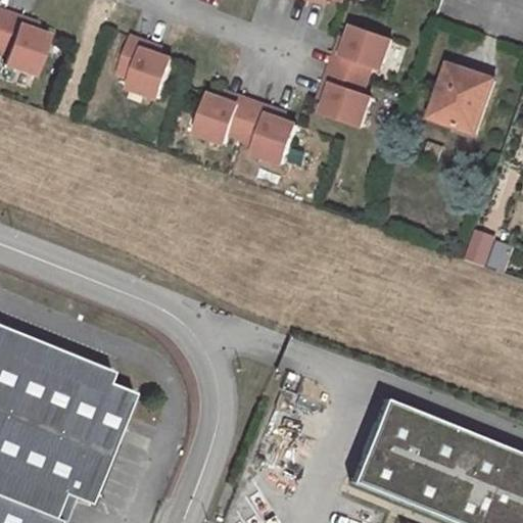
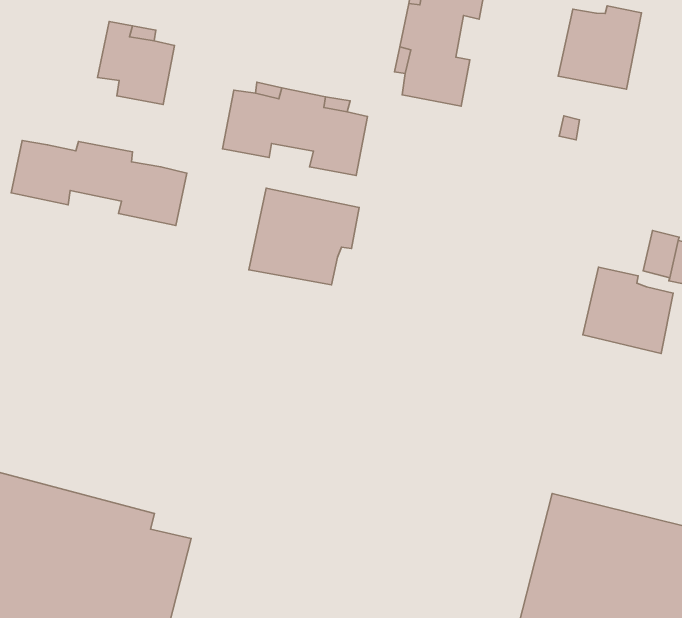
building: none -> [11,141,187,225]
building: none -> [249,188,359,285]
building: none -> [583,267,673,353]

